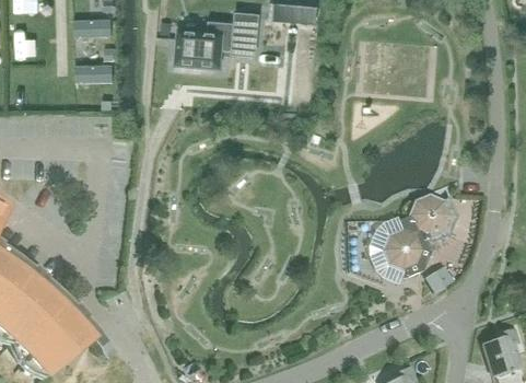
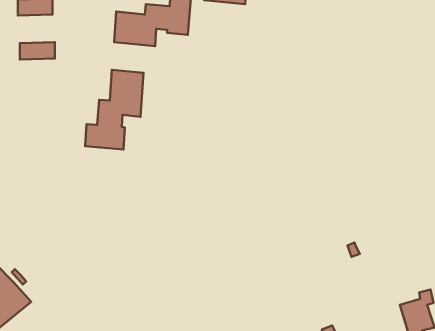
building: none -> [85,70,144,149]
building: [381,196,456,279] -> none

